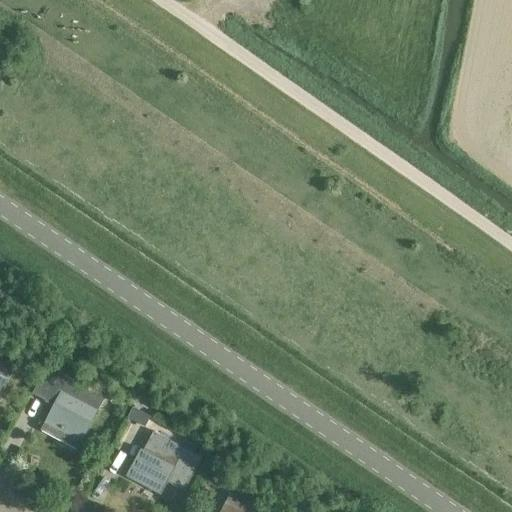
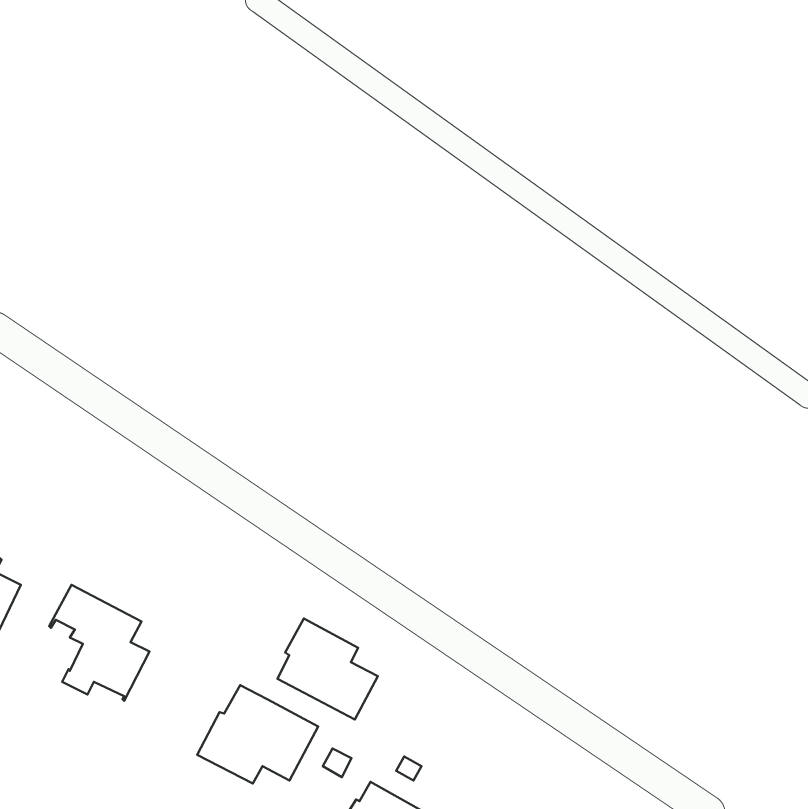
building: none -> [278,618,378,720]

